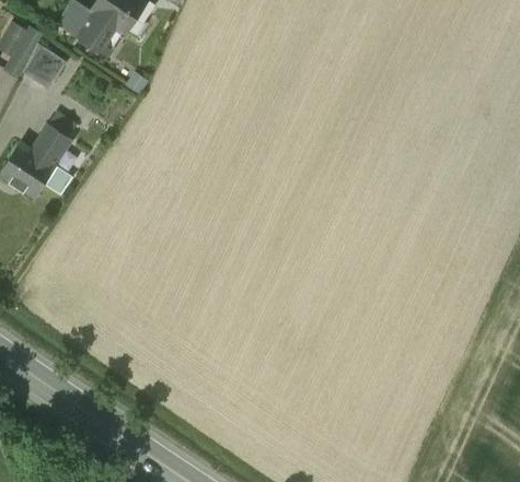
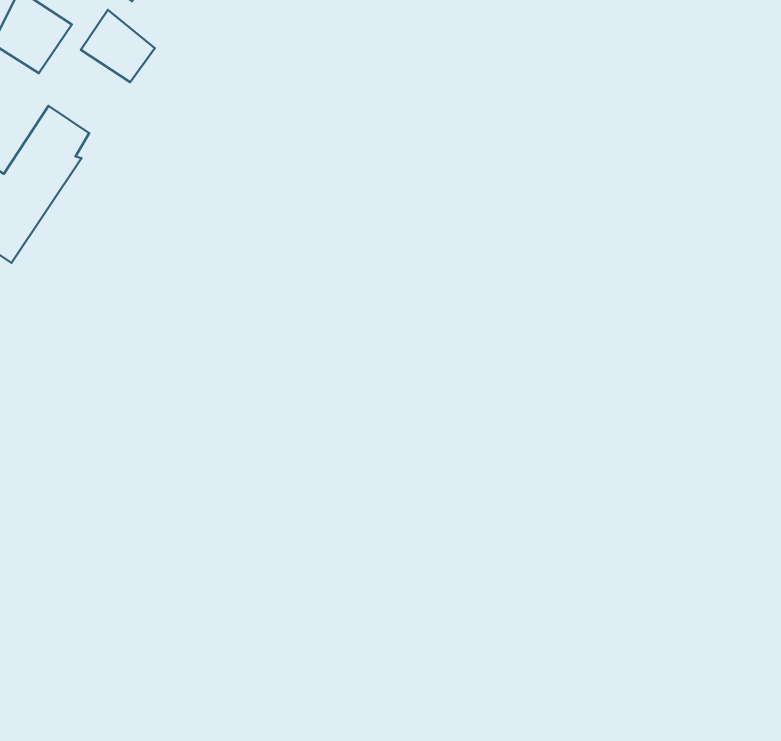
building: none -> [81,10,155,82]

